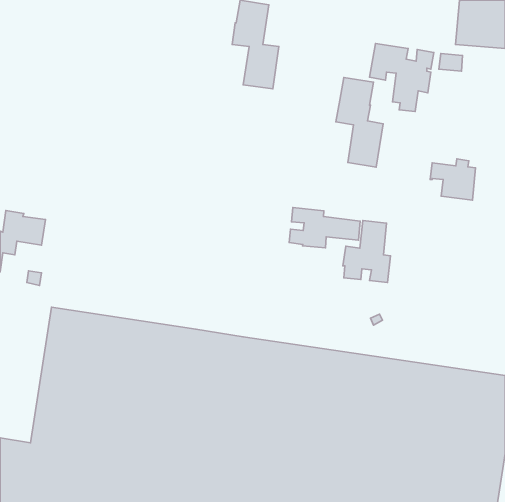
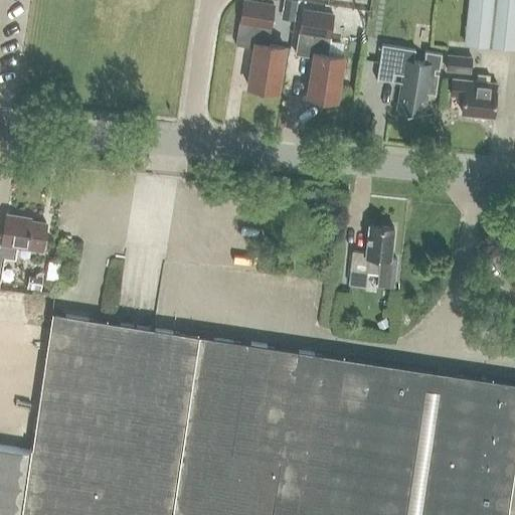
building: [336,77,383,167] -> [295,12,343,104]
building: [430,159,476,200] -> [451,77,497,120]
building: [289,208,360,248] -> none

